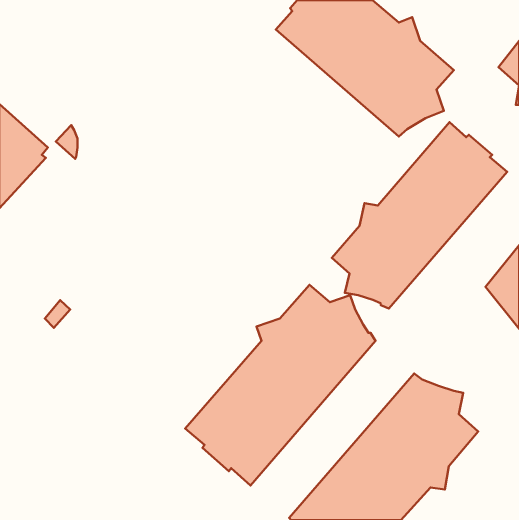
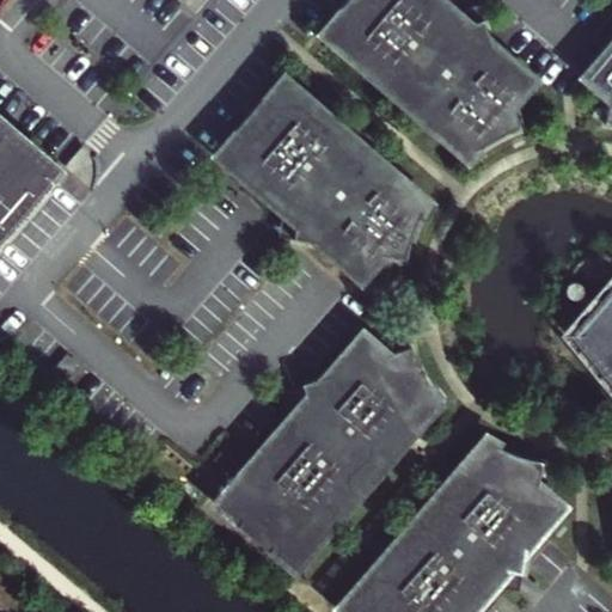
building: none -> [219,80,429,281]
building: [332,122,507,308] -> none

